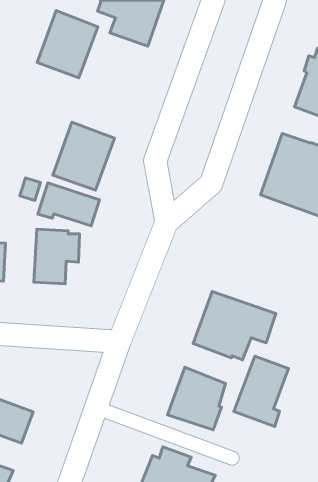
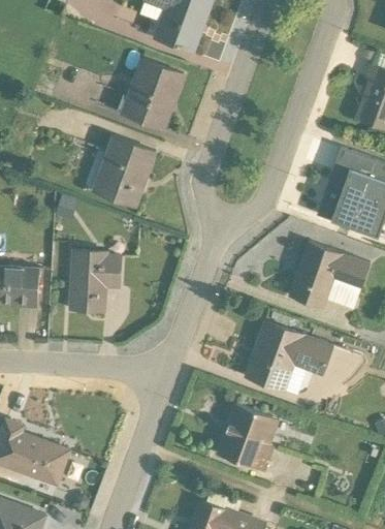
building: [37,11,98,78] -> [119,57,185,130]
building: [38,183,100,226] -> none
building: none -> [287,241,370,310]
building: [234,356,288,426] -> none

